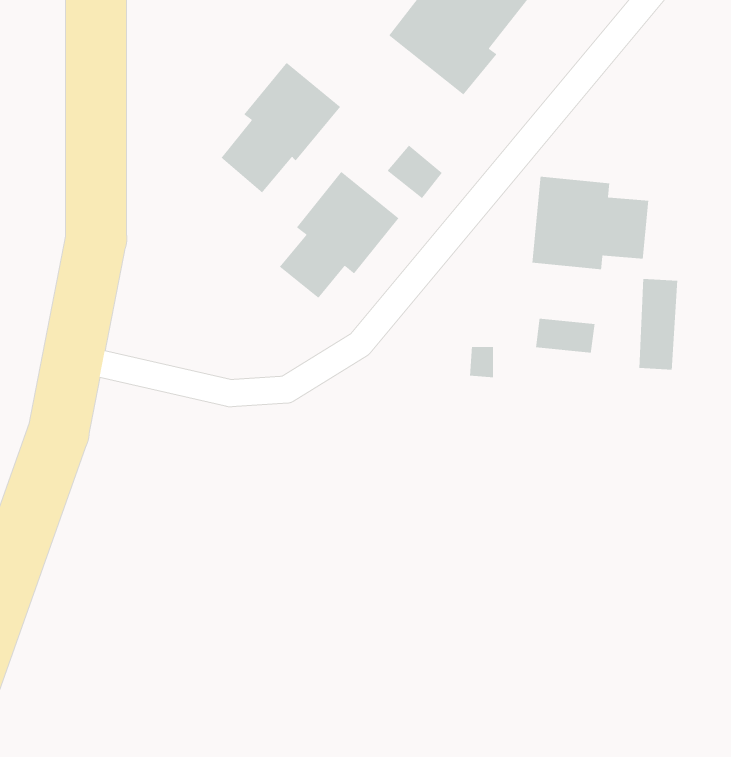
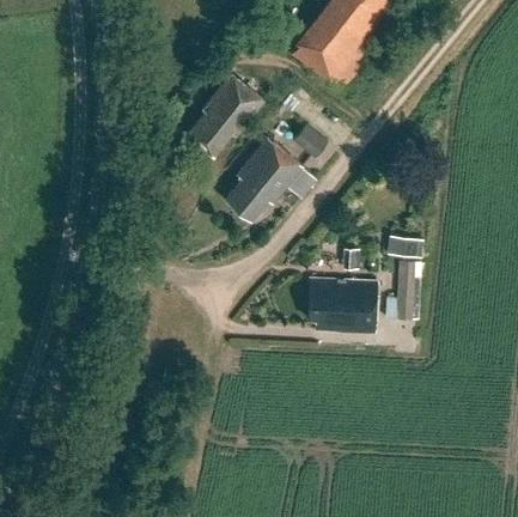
building: [531,176,649,270] -> none
building: [639,278,678,370] -> [397,260,422,318]
building: none -> [309,281,377,332]

